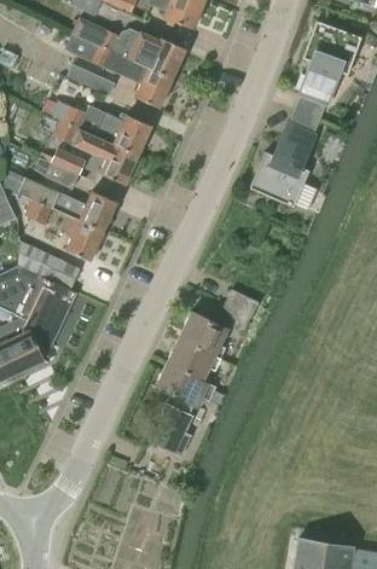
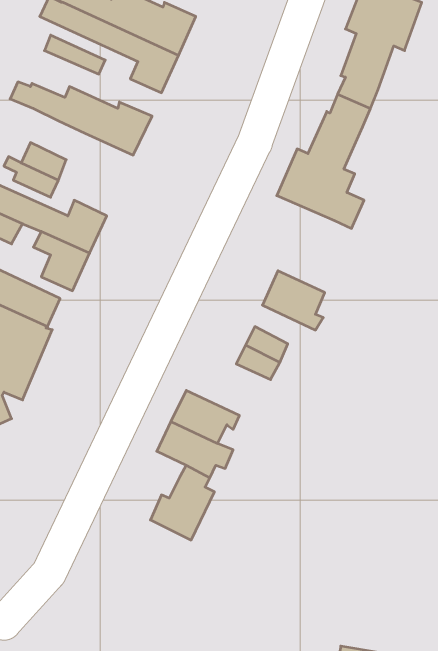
building: [52,121,137,186] -> none
building: [178,313,226,359] -> [262,271,325,330]

